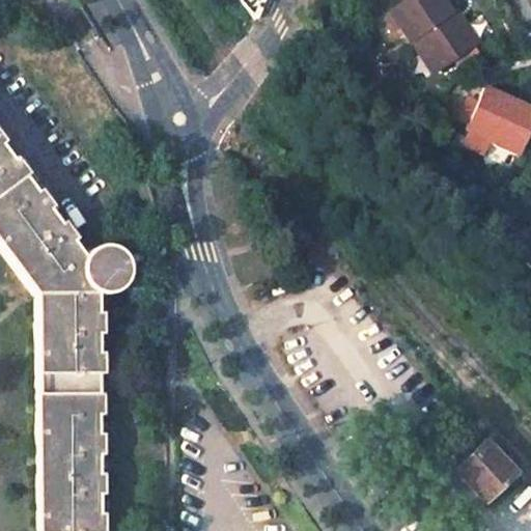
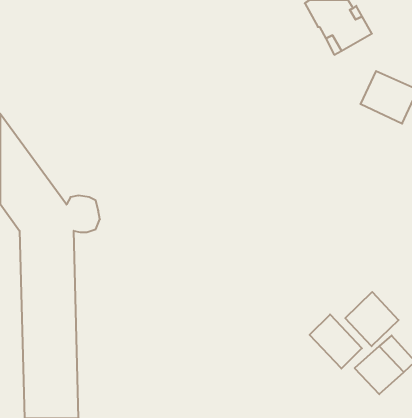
building: none -> [345,292,399,346]
building: none -> [310,314,362,369]

